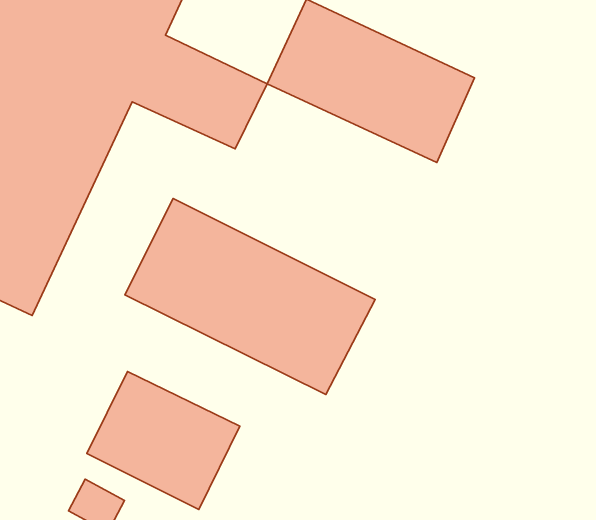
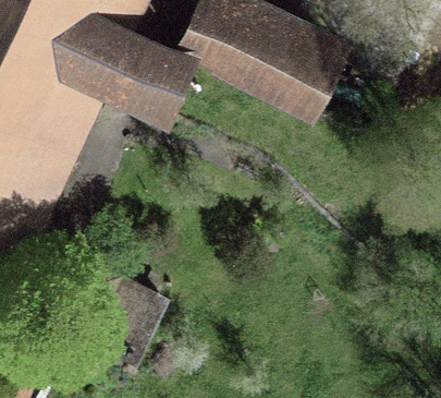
building: [125,198,375,394] -> none

